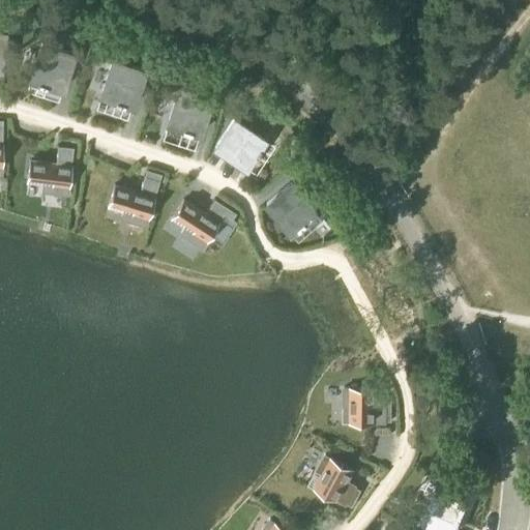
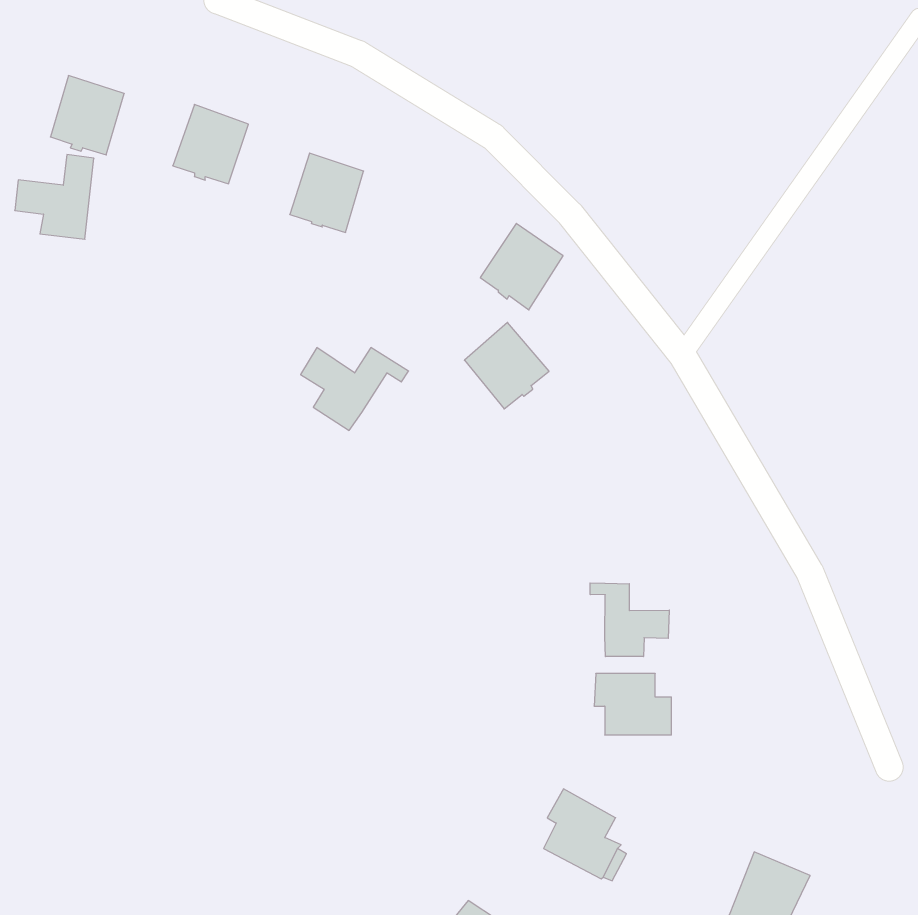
building: [215,119,263,169] -> [480,223,563,310]
building: [28,149,73,198] -> [15,155,94,239]
building: [109,172,161,228] -> none
building: none -> [590,583,669,657]

